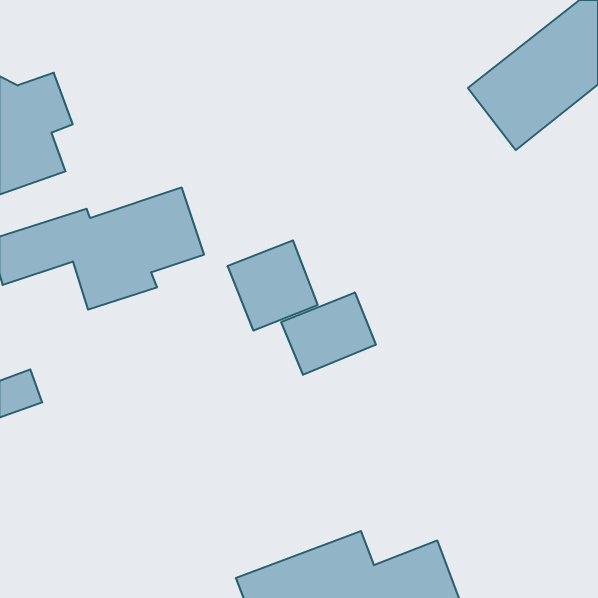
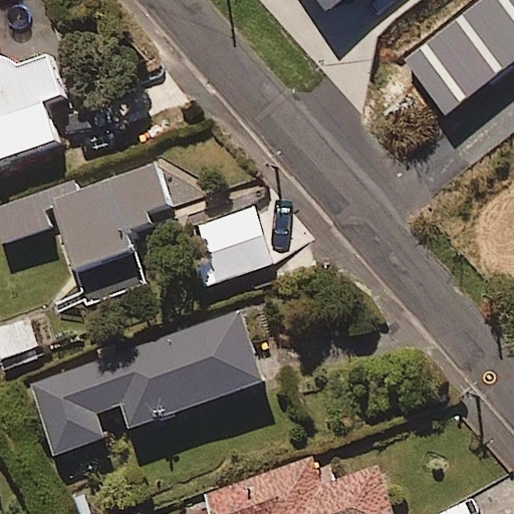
building: [281,292,376,375] -> none
building: none -> [29,309,263,454]

